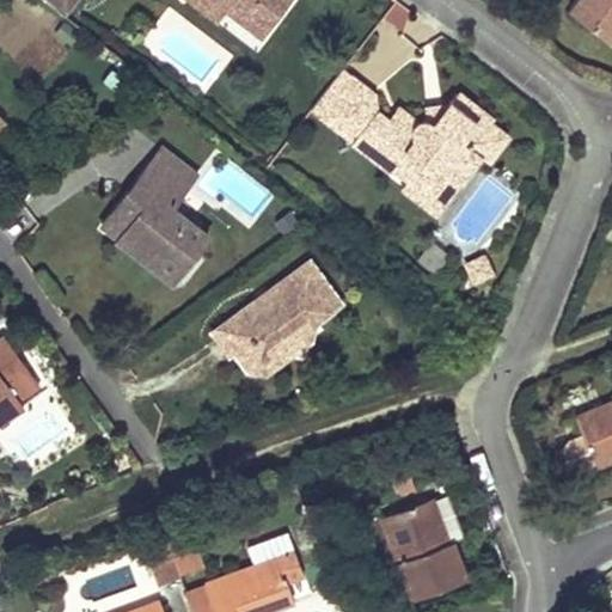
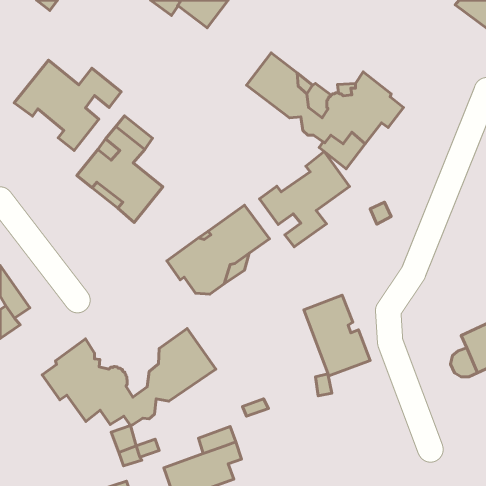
building: none -> [14,60,121,150]
building: none -> [260,152,350,247]
building: none -> [42,328,216,426]
building: [385,502,467,602] -> [304,295,370,376]

